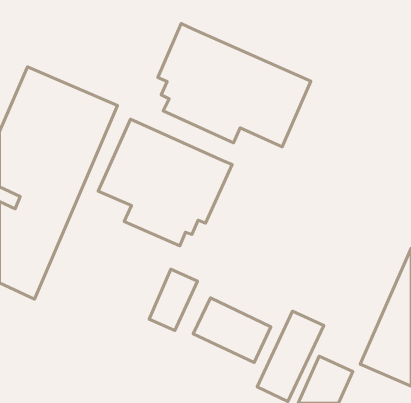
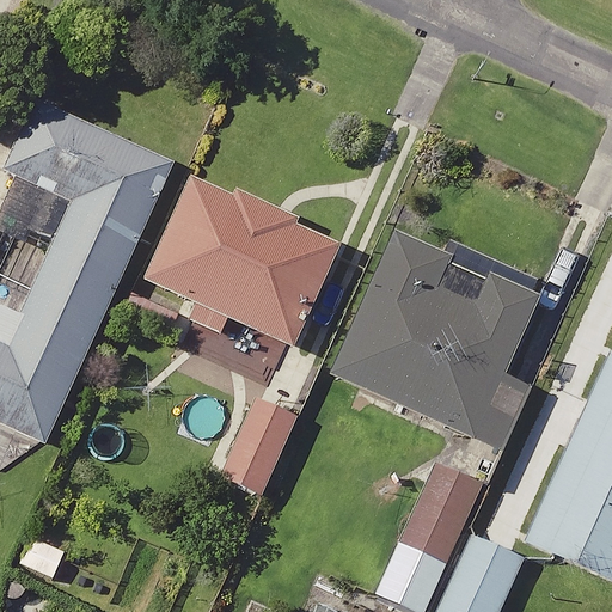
building: [158,24,311,147] -> none
building: none -> [338,237,532,446]
building: [193,298,271,362] -> none

